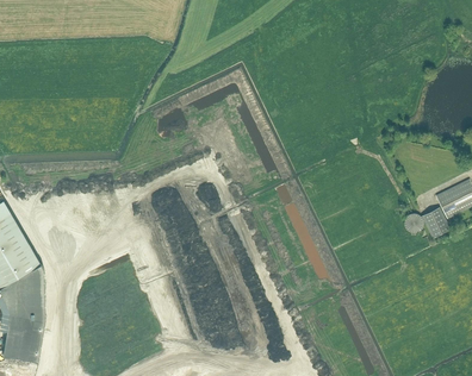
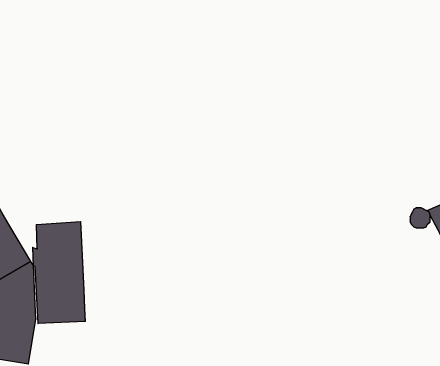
building: none -> [33,222,85,324]

